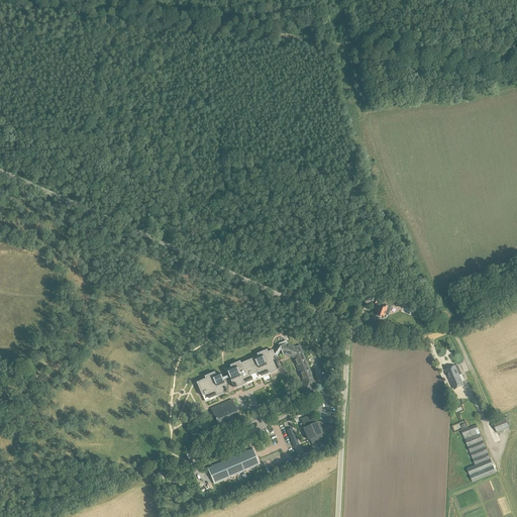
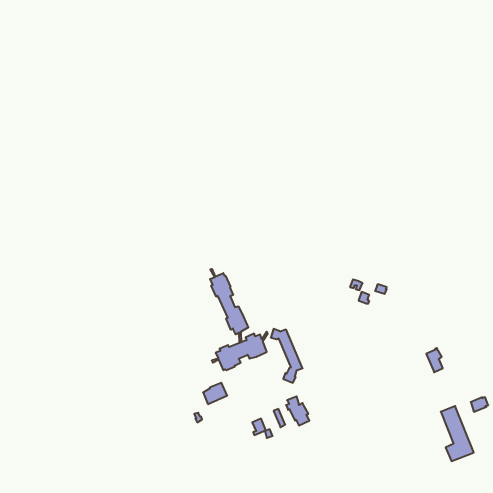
building: none -> [210,269,248,343]
building: [196,372,226,398] -> none
building: [207,447,258,483] -> none

